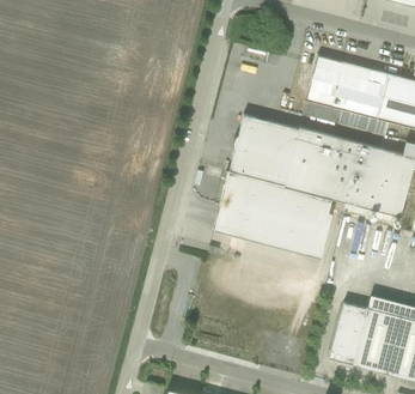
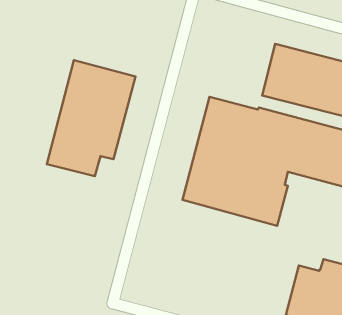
building: none -> [47,60,136,176]

